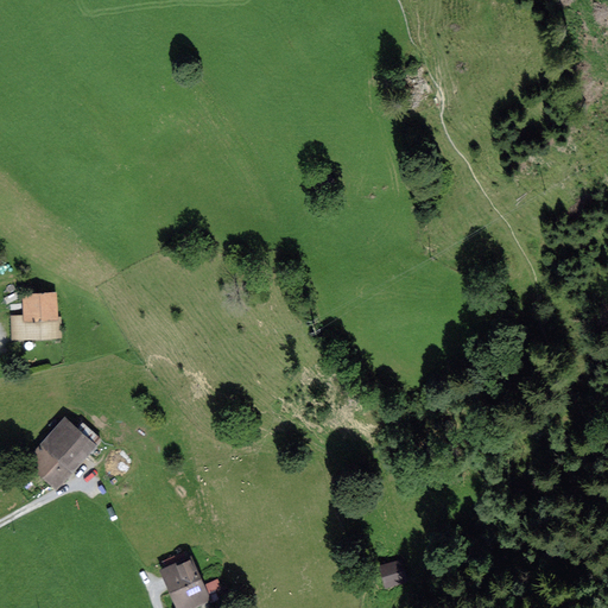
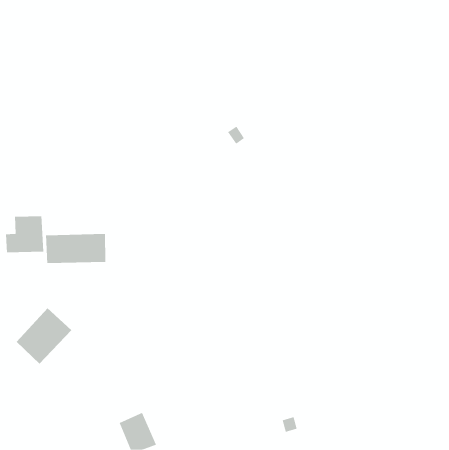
building: none -> [46,233,106,264]

